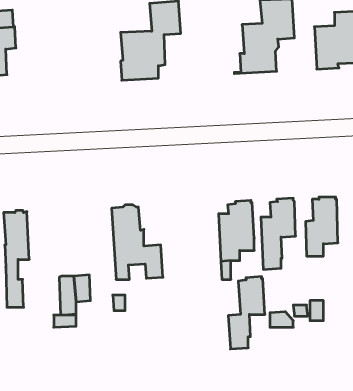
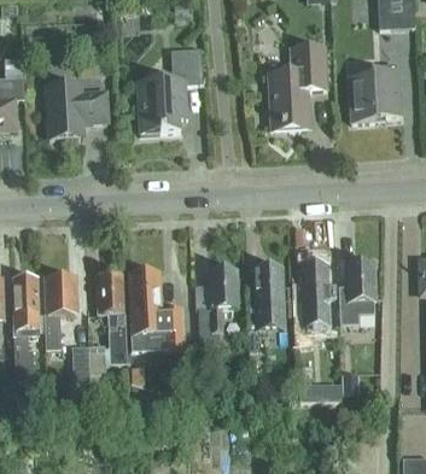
building: none -> [46,82,107,139]
building: none -> [99,271,126,363]
building: none -> [45,273,77,347]
building: [228,277,265,349] -> [198,265,238,344]

